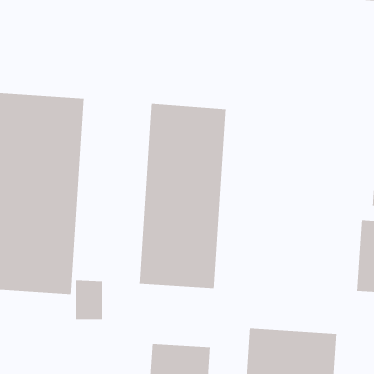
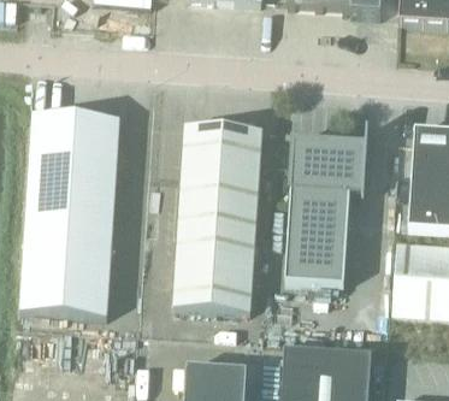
building: none -> [285,137,366,283]

